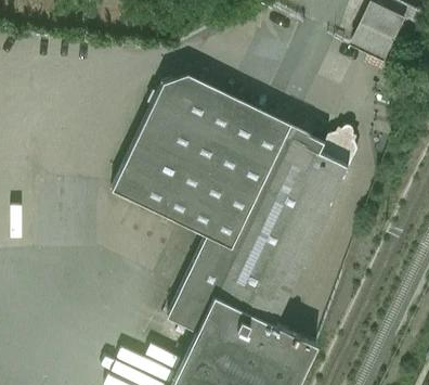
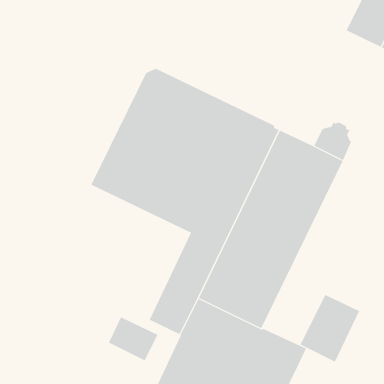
building: none -> [300,294,360,363]
building: none -> [108,317,158,361]

